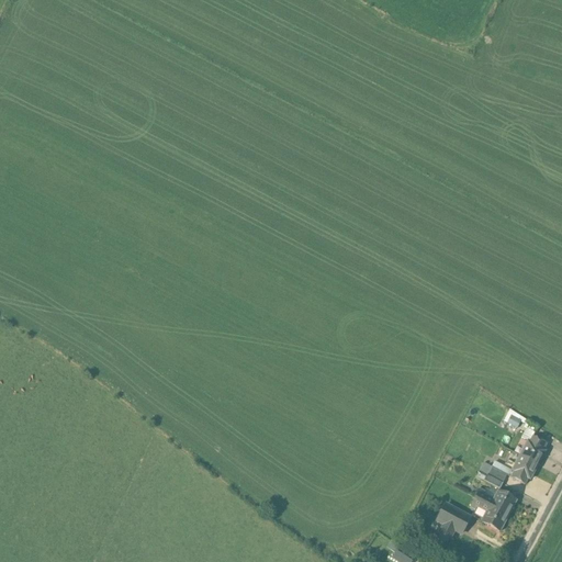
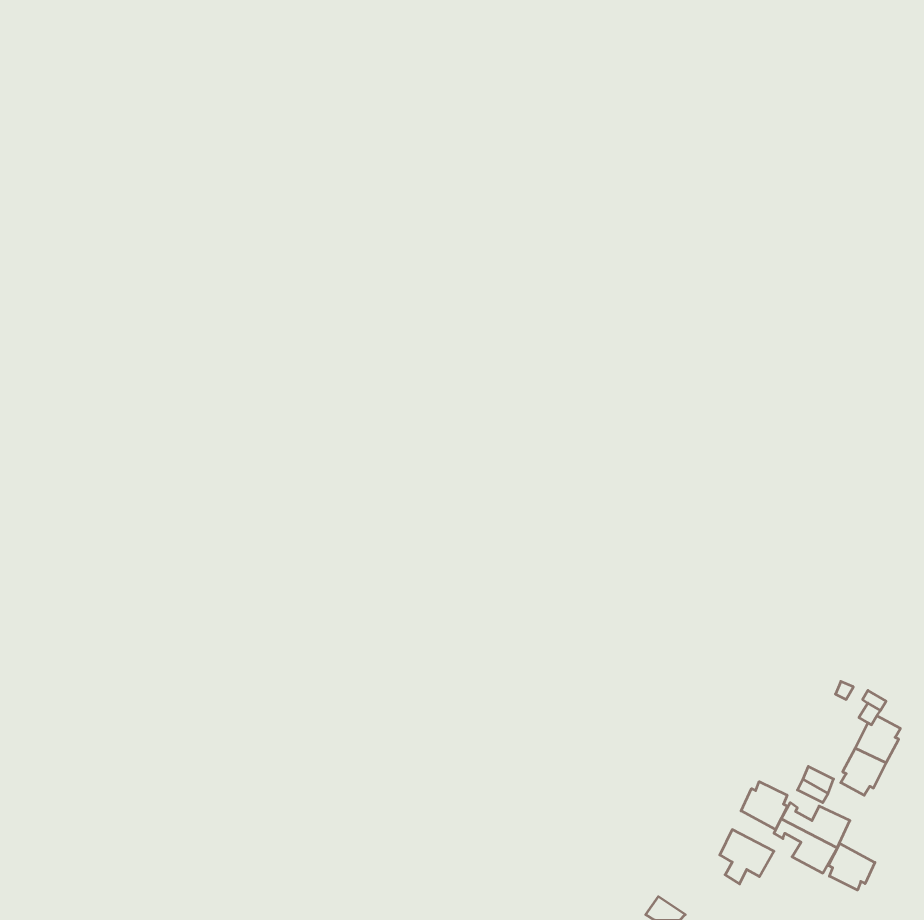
building: none -> [741,782,788,830]
building: none -> [829,844,875,890]

